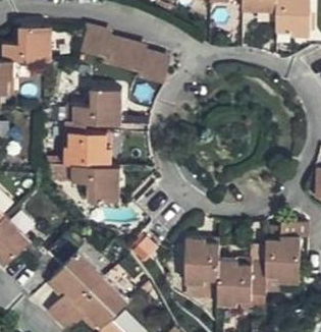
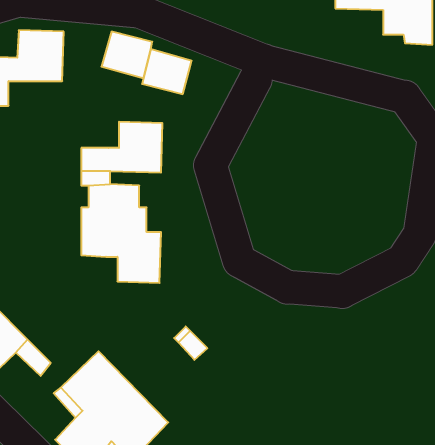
building: [135,50,170,84] -> none
building: [184,221,308,306] -> none

